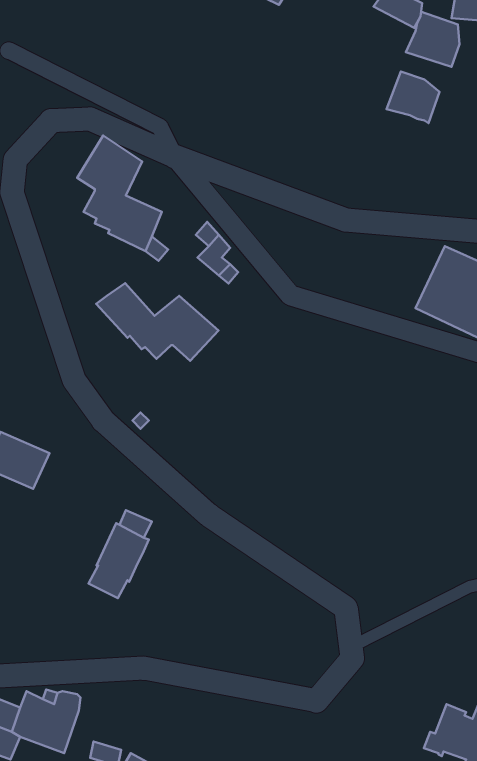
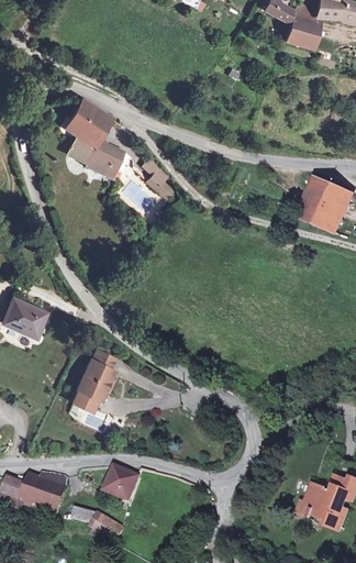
building: [387,71,440,123] -> none
building: [96,283,218,361] -> none
building: none -> [104,465,140,501]

